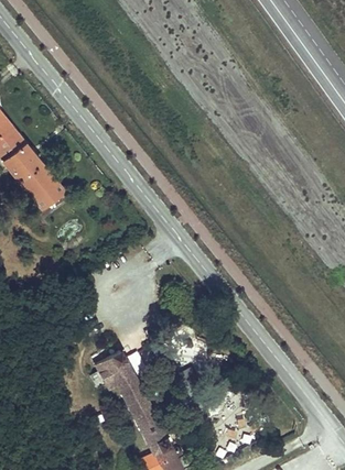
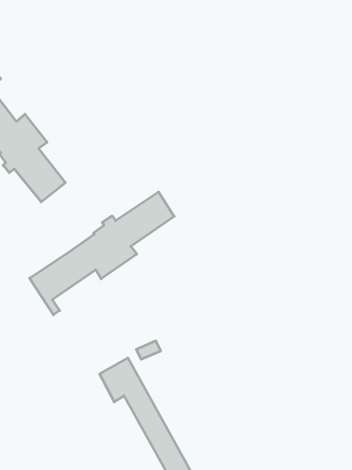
building: none -> [30,192,174,315]

